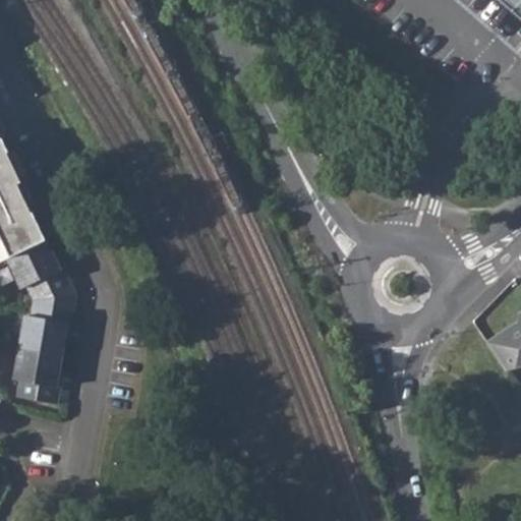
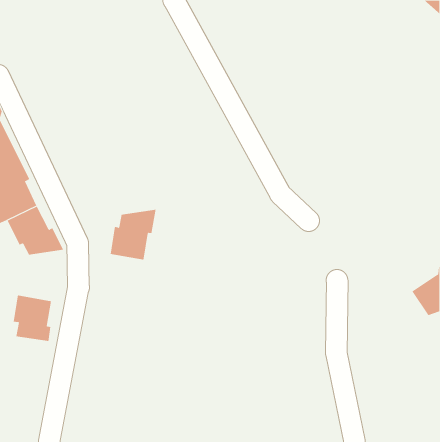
building: [20,294,75,354] -> [110,209,156,260]

